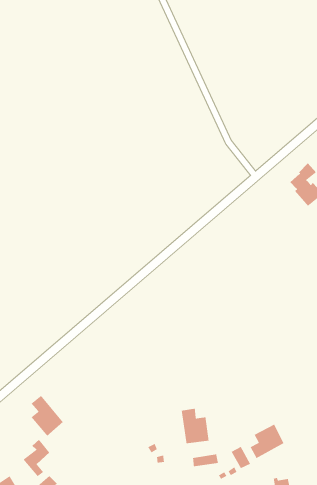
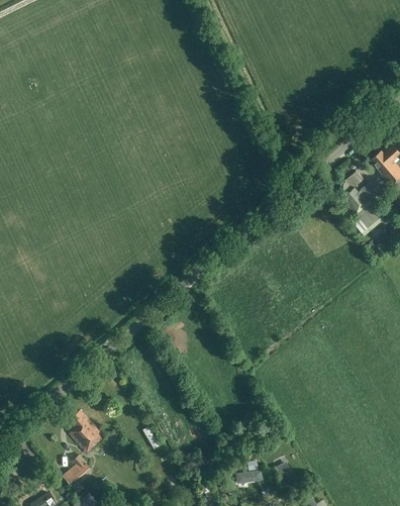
building: [181,408,209,444] -> none
building: [249,424,285,459] -> none

